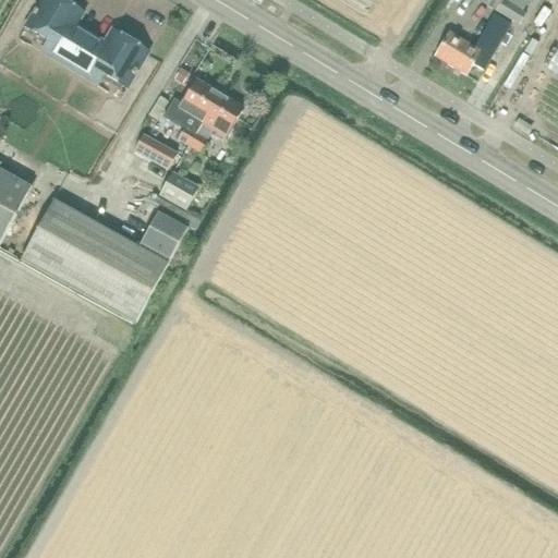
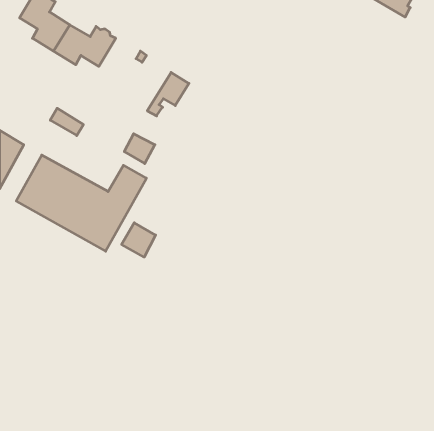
building: [434,11,510,73] -> none
building: [162,78,219,142] -> none
building: [134,130,177,165] -> [50,108,83,136]
building: none -> [122,223,156,257]

